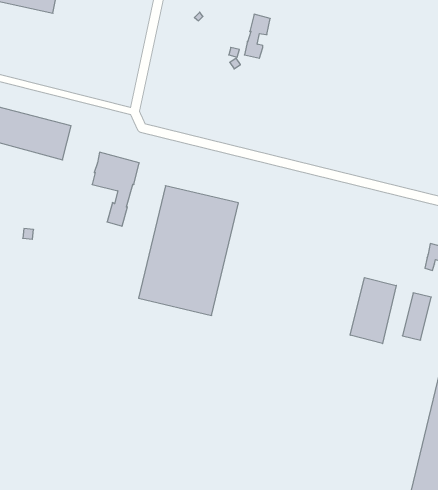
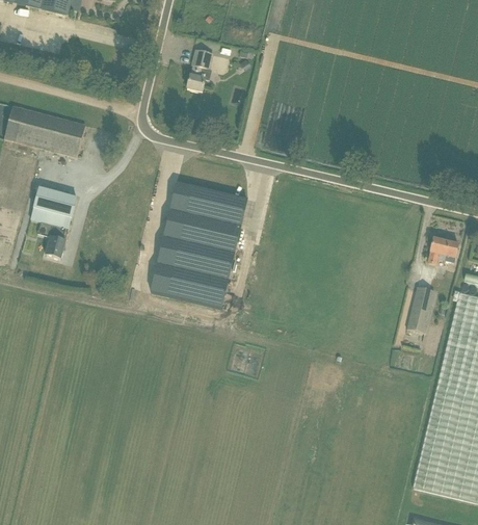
building: [244,14,270,58] -> [187,49,212,91]
building: [92,152,139,226] -> [31,187,77,259]
building: [350,278,396,344] -> none

